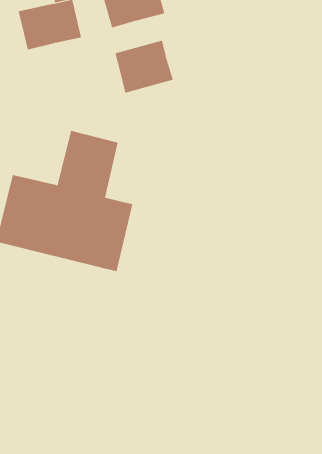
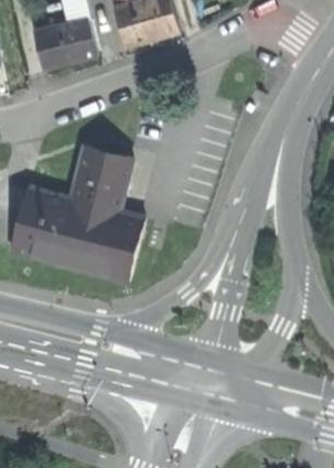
building: [115,40,173,94] -> none

